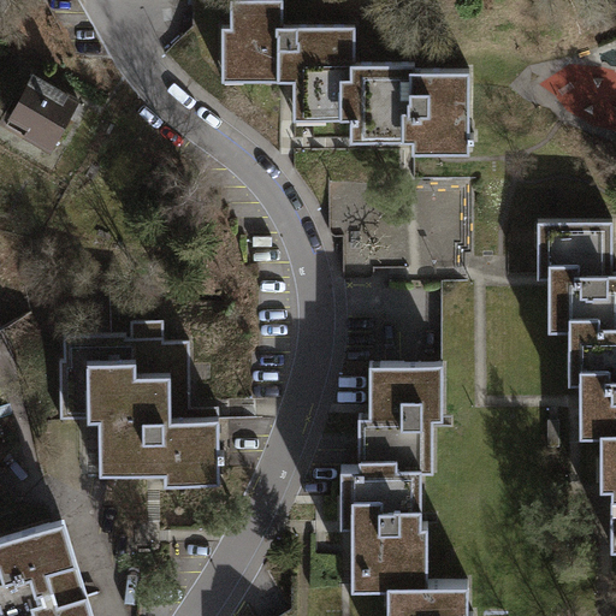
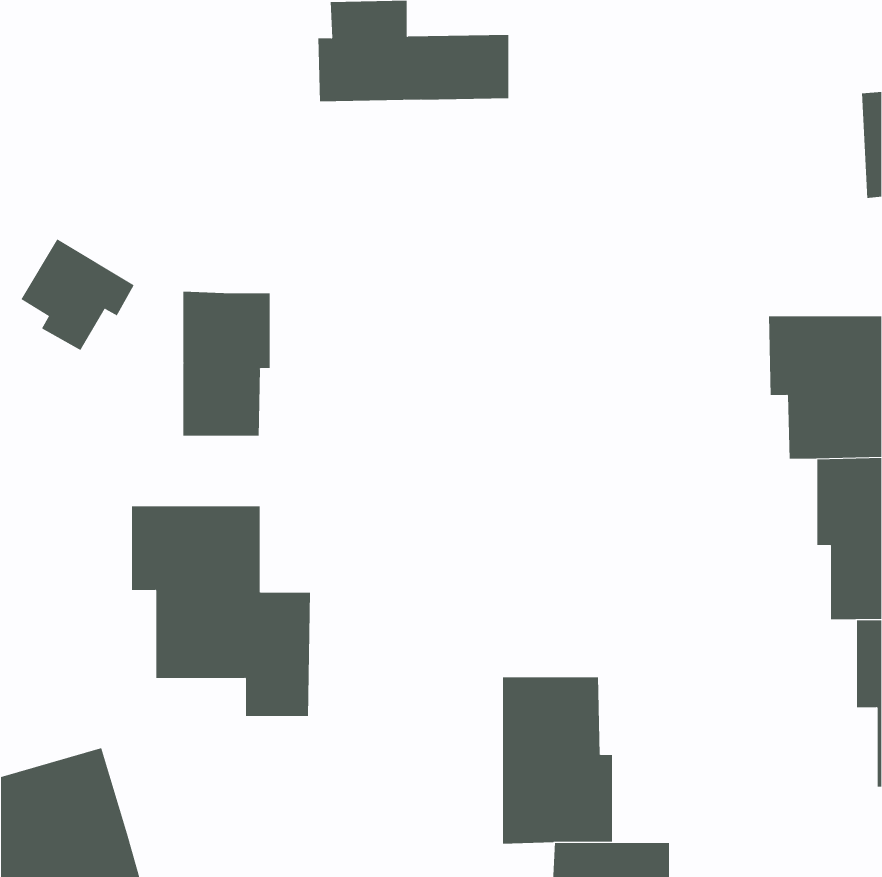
building: [294,70,473,144] -> none
building: [7,78,87,156] -> [21,239,134,351]
building: none -> [183,291,270,436]
building: [359,365,443,475] -> none

